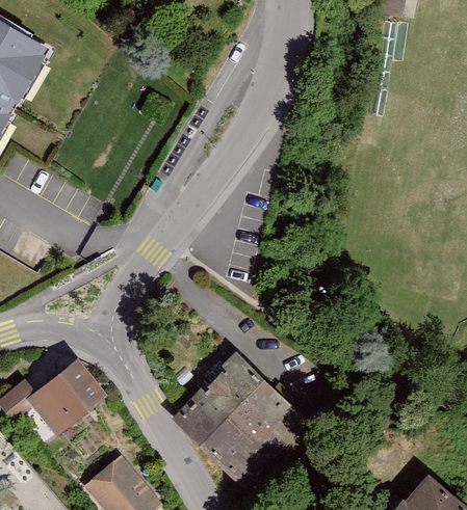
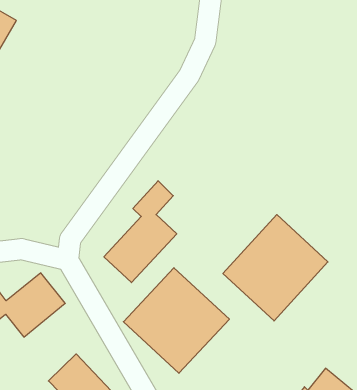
building: none -> [104,181,177,283]
building: none -> [223,215,328,321]

